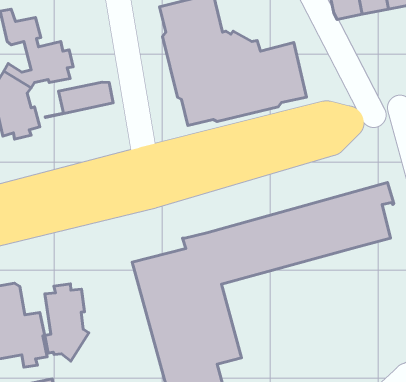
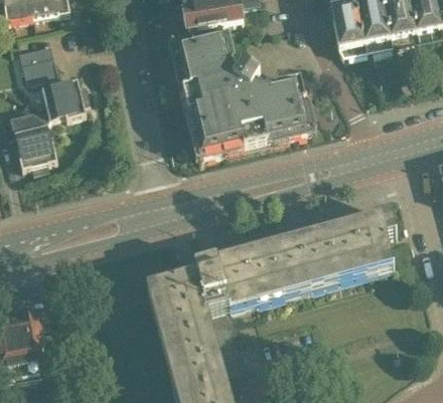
building: [45,82,113,118] -> none
building: [45,284,89,361] -> none

